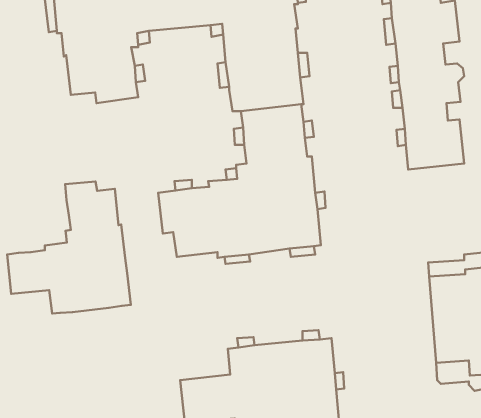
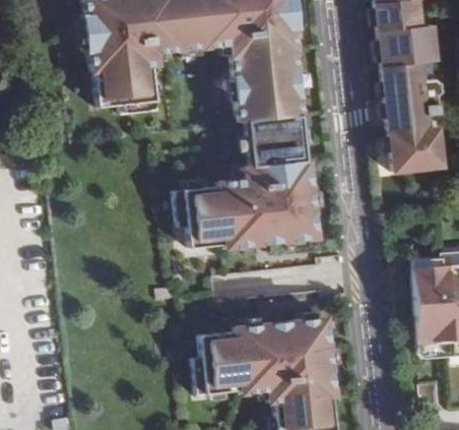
building: [7,182,131,314] -> none

